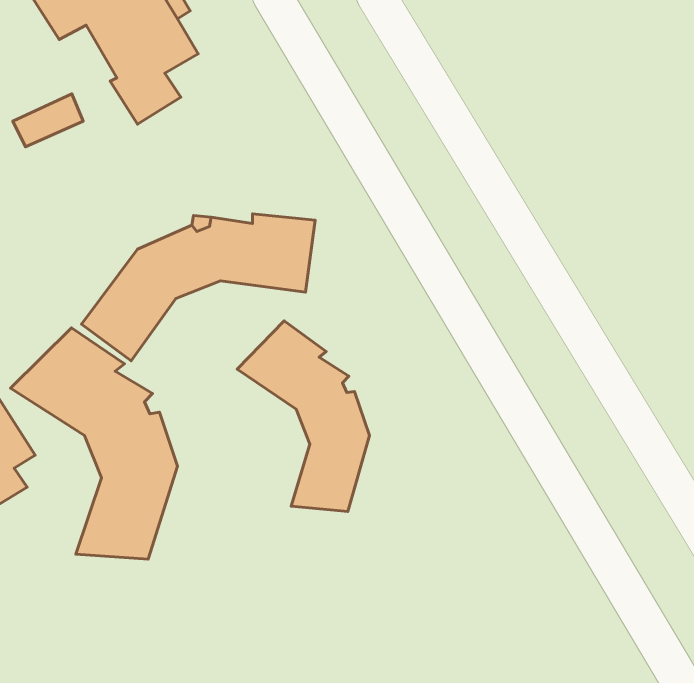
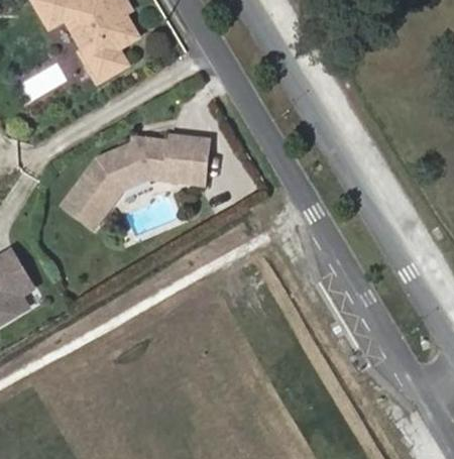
building: [237,321,369,511] -> none
building: [10,328,177,559] -> none

